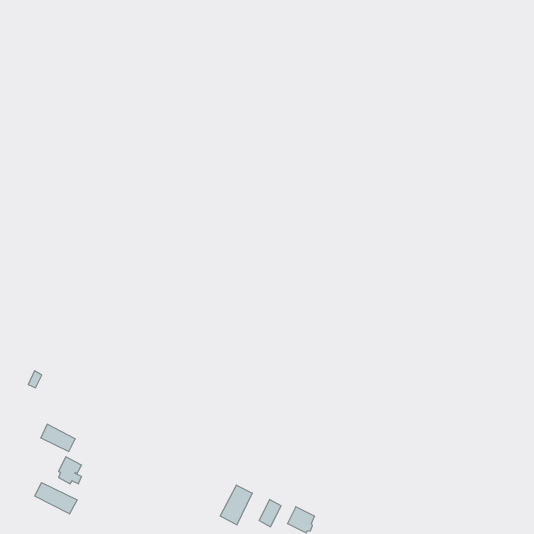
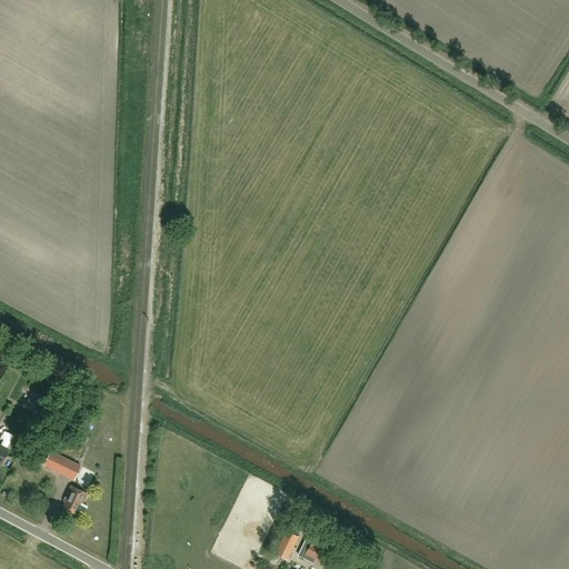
building: [35,483,77,514] -> none
building: [220,485,252,525] -> none

